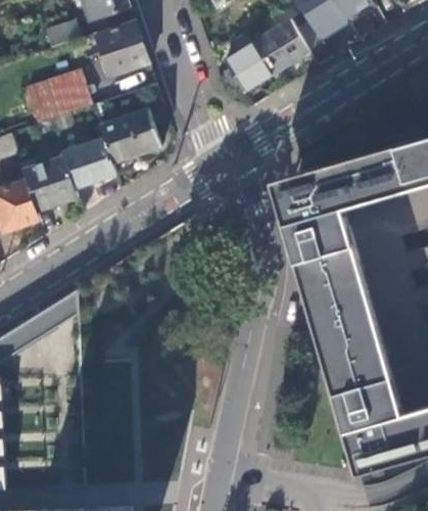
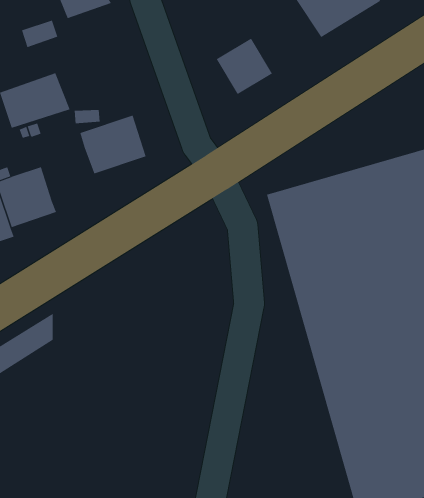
building: [255,19,307,72] -> none
building: [94,22,147,78] -> none
building: [61,139,114,188] -> none

